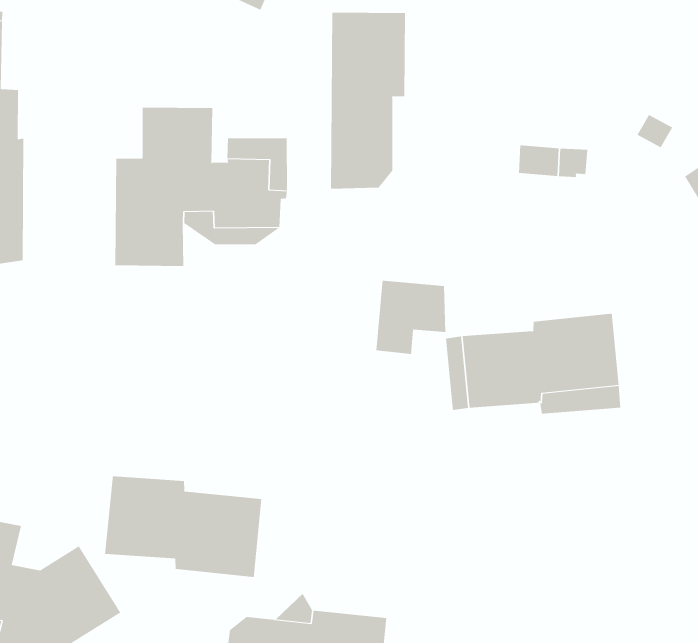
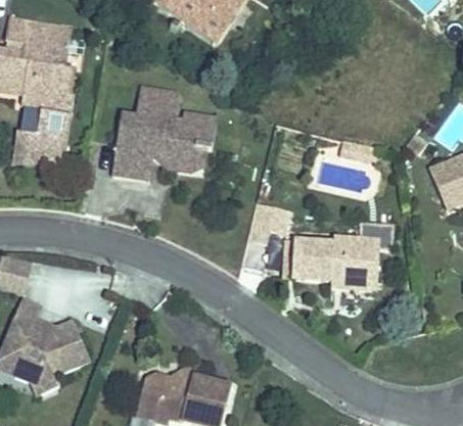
building: [331,12,405,189] -> none
building: [105,475,262,578] -> none

